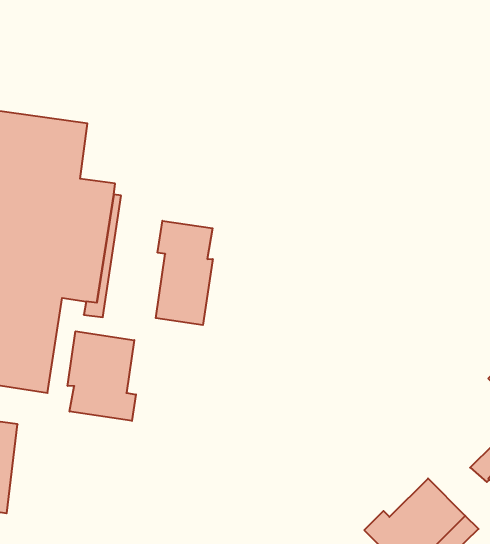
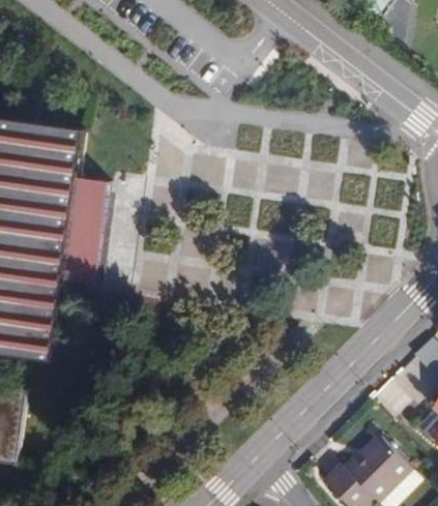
building: [156,221,213,325] -> none
building: [68,331,136,421] -> none

